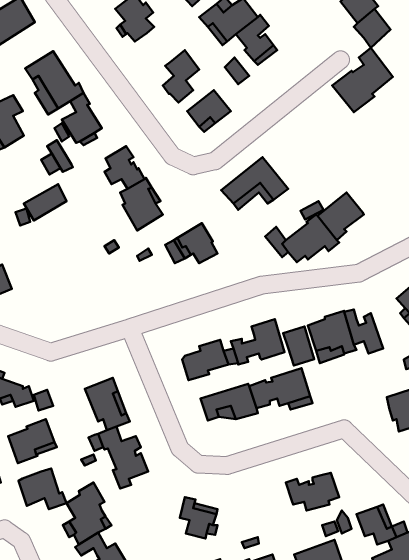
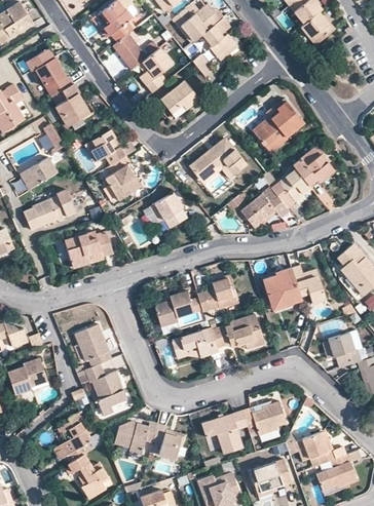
building: none -> [112,33,146,70]
building: [332,48,393,112] -> [251,96,302,151]
building: none -> [291,145,333,184]
building: none -> [23,190,74,230]
building: none -> [64,232,111,268]
building: [283,326,314,365] -> none
building: [19,468,67,509] -> none
building: none -> [203,412,249,455]
building: none -> [114,420,158,454]

